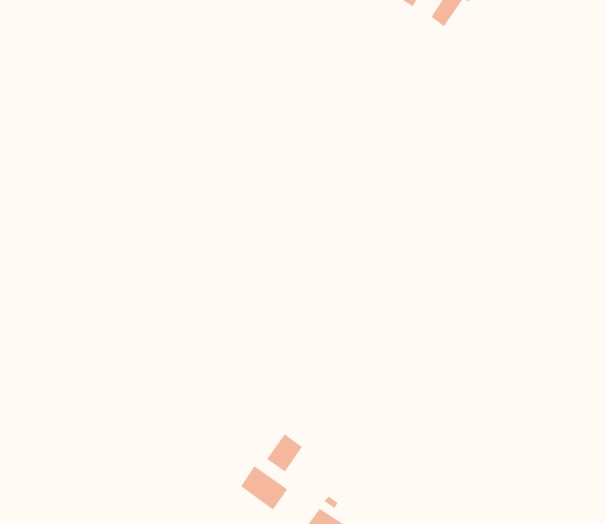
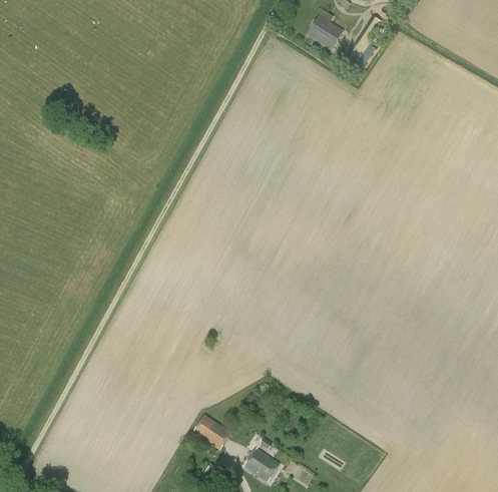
building: [266,433,303,473] -> none

